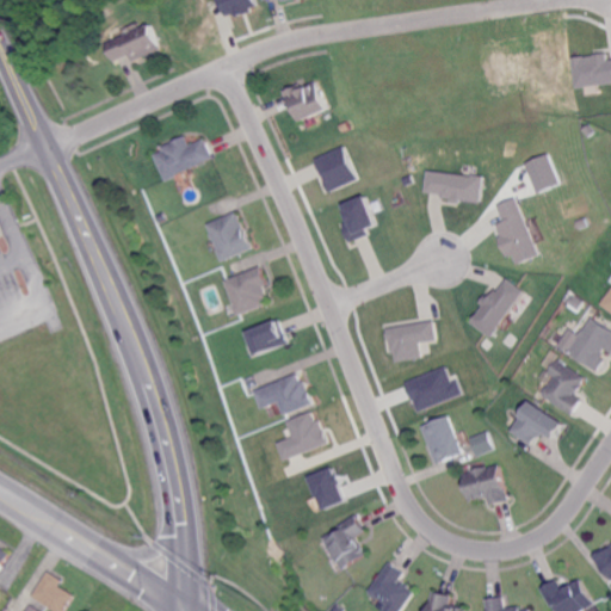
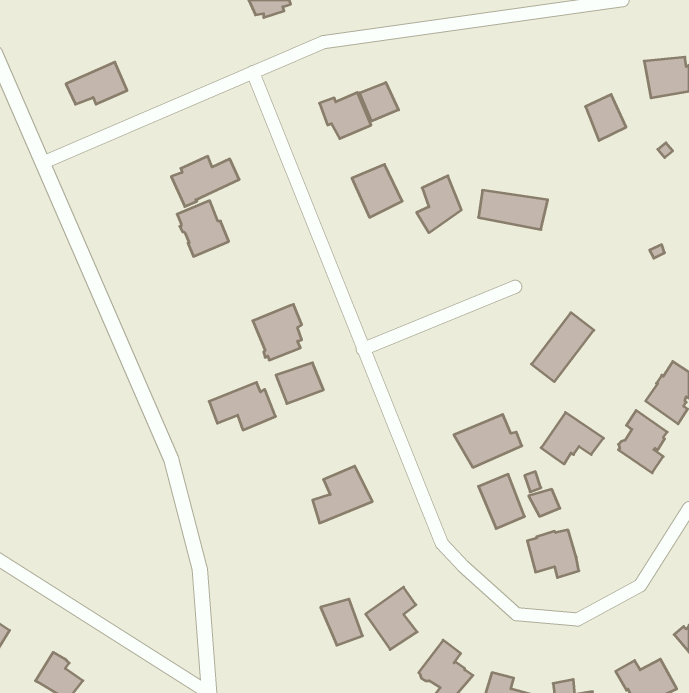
building: [105,26,159,63] -> [66,62,127,104]
building: none -> [360,82,399,121]
building: [520,153,556,193] -> [585,94,626,141]
building: [333,195,372,245] -> [417,176,461,233]
building: [493,196,537,263] -> none
building: [204,215,249,264] -> [177,201,229,256]
building: [381,320,433,360] -> none
building: [253,376,311,418] -> [209,382,276,430]
building: [511,402,566,448] -> [541,412,604,464]
building: [304,468,341,508] -> [321,599,363,645]

